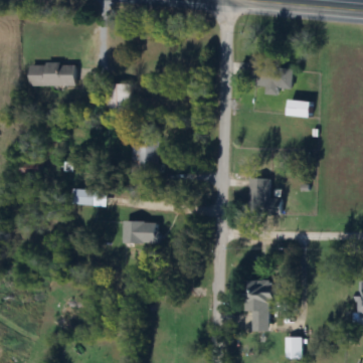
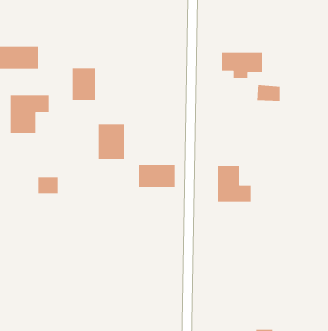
building: none -> [10,94,49,134]
building: [123,221,159,244] -> [138,164,176,188]
building: [245,279,271,331] -> none

